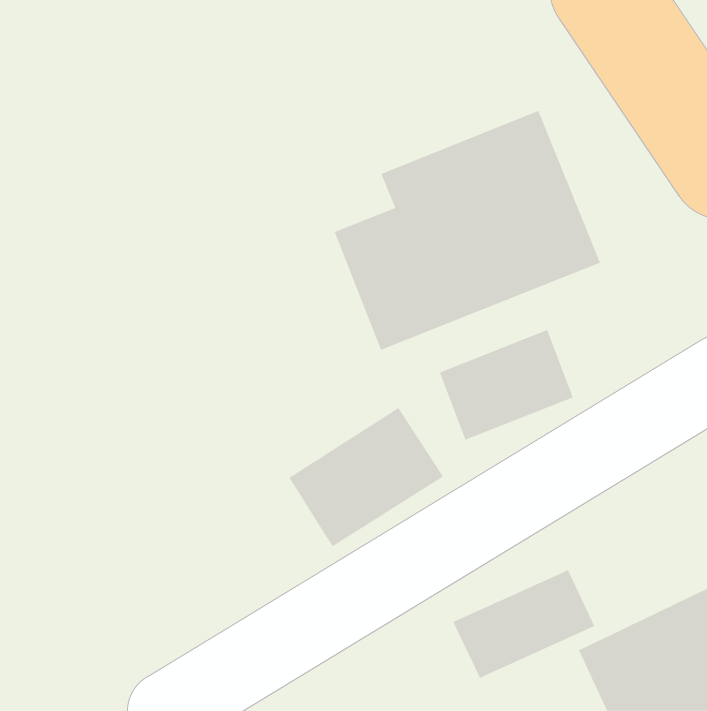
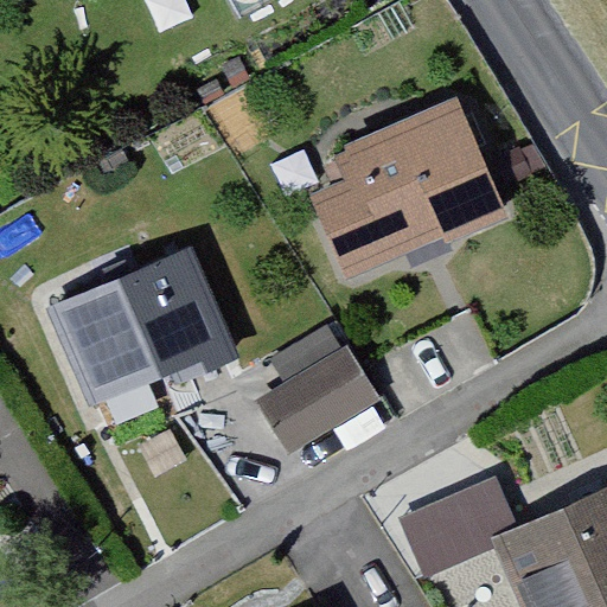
building: none -> [50,245,232,410]
building: [439,329,573,441] -> none

